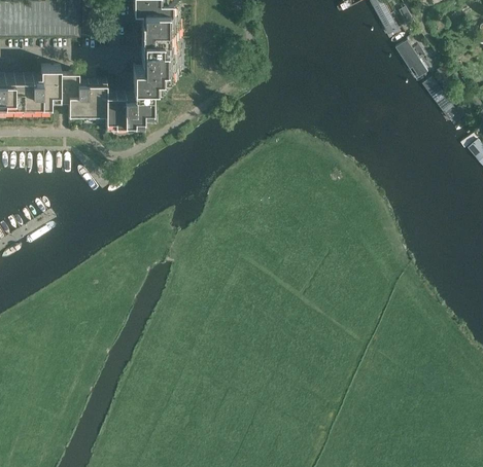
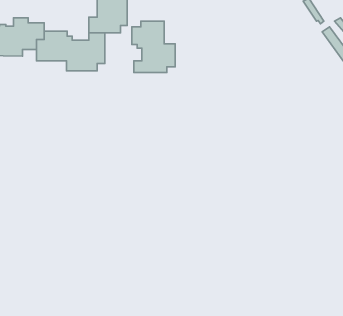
building: none -> [132,21,175,73]

